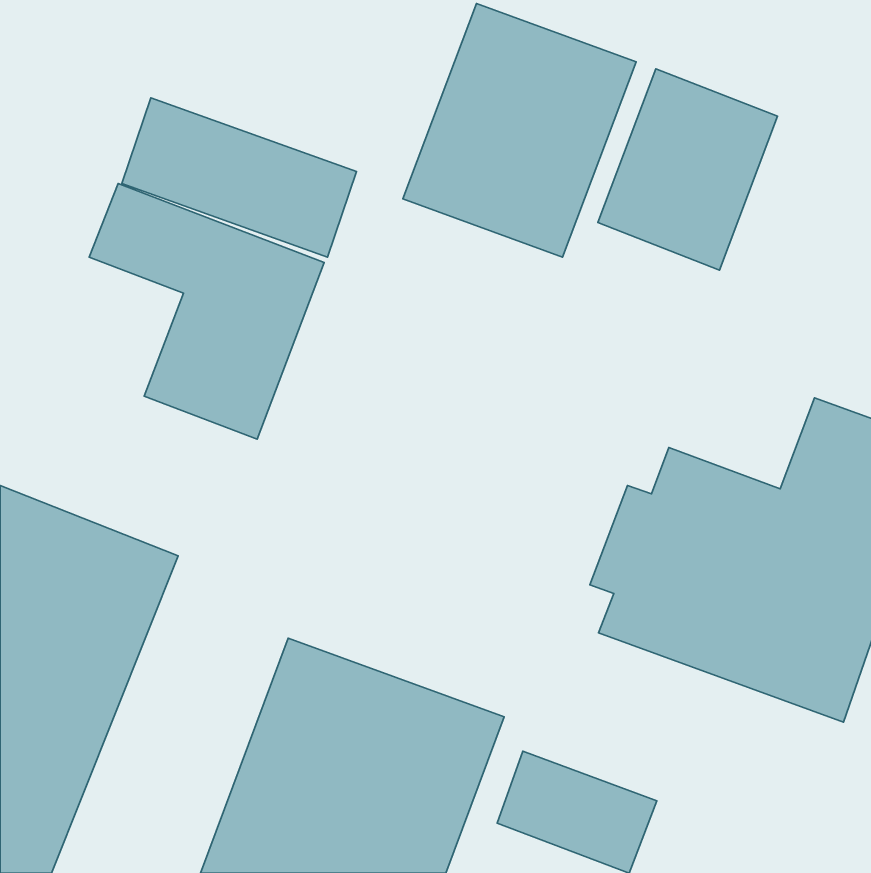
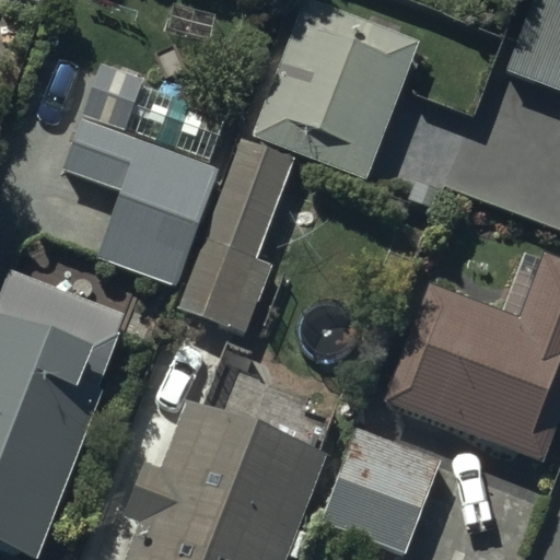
building: [598,69,777,270] -> none
building: none -> [183,143,281,330]

